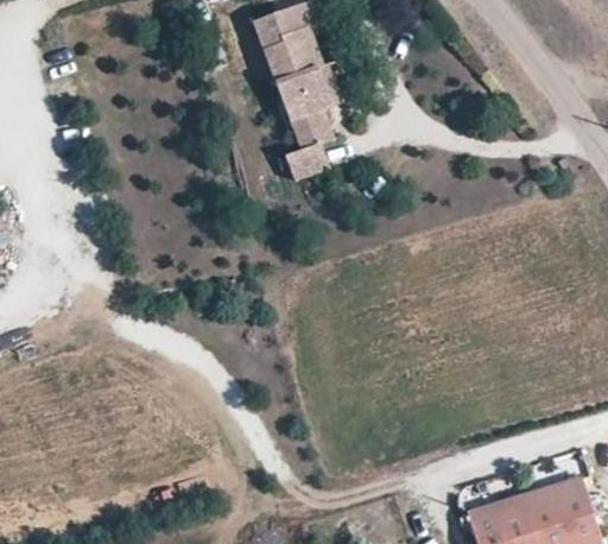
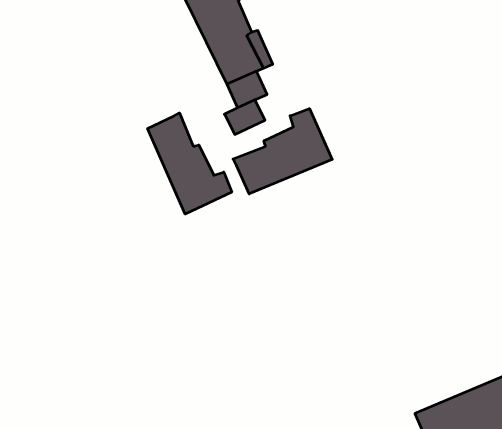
building: none -> [148,113,232,214]
building: none -> [233,109,332,194]

